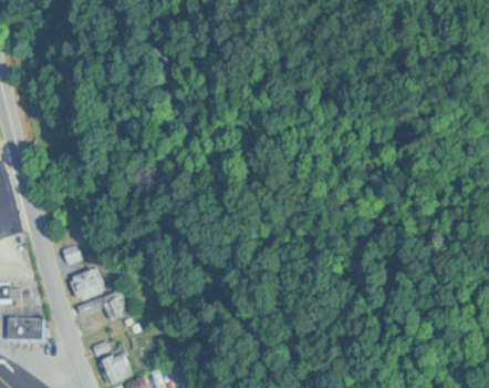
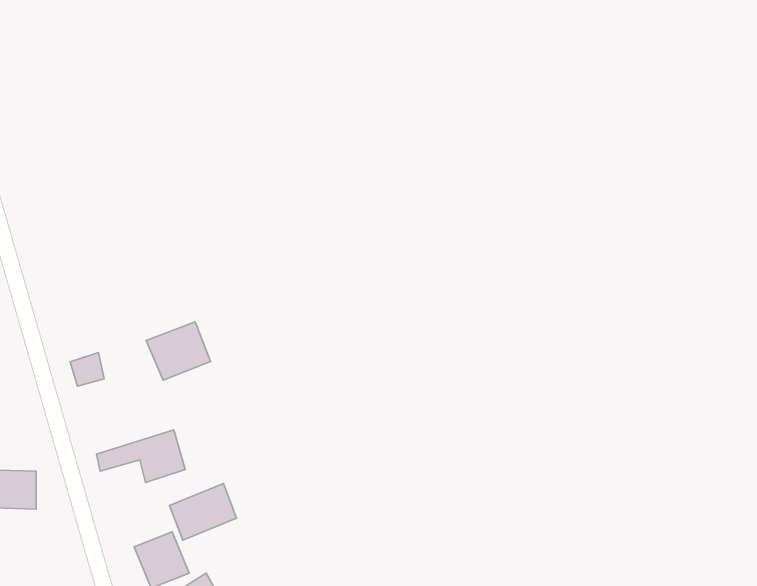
building: [67,267,105,302] -> [146,322,210,380]
building: none -> [170,483,237,540]

